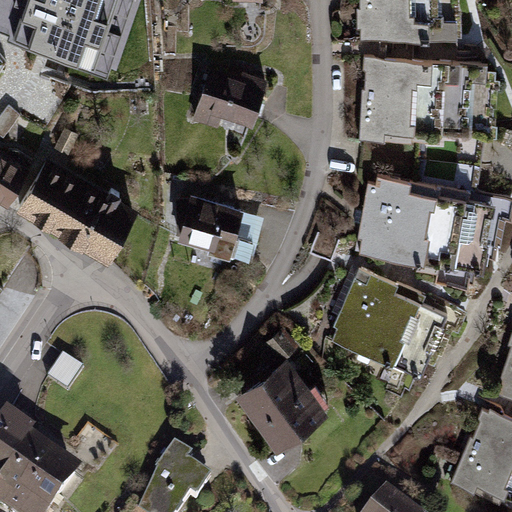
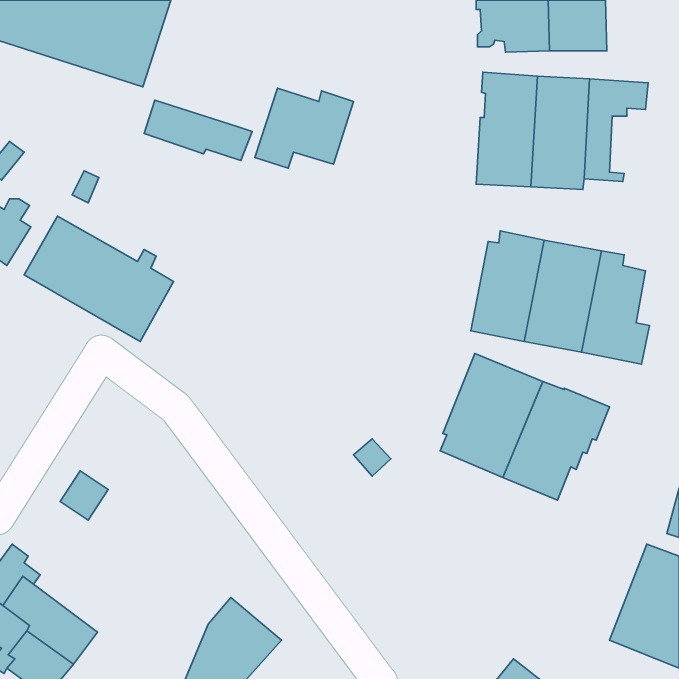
building: none -> [144,100,252,160]
building: [176,192,264,263] -> none
building: [240,364,320,445] -> none

